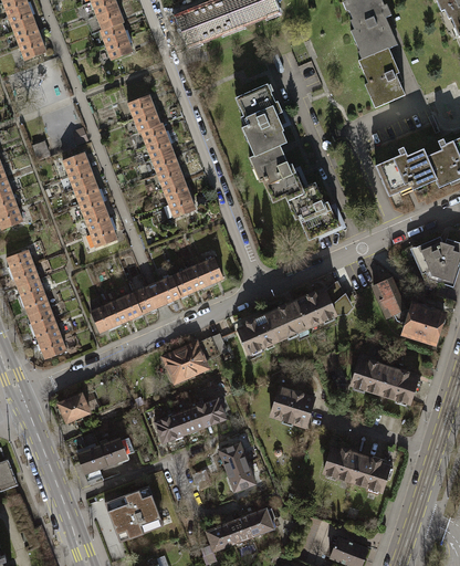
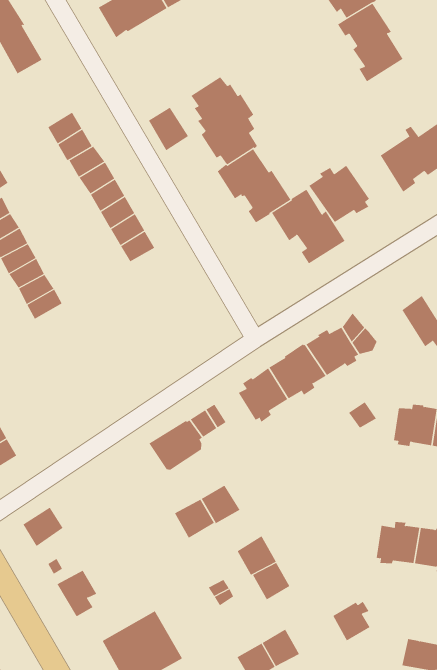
building: none -> [148,107,189,151]
building: none -> [308,165,370,223]
building: [88,256,222,331] -> none
building: [271,386,314,426] -> none
building: [156,412,184,441] -> none
building: [100,436,134,464] -> none
building: [247,506,275,535] -> [332,601,370,641]

